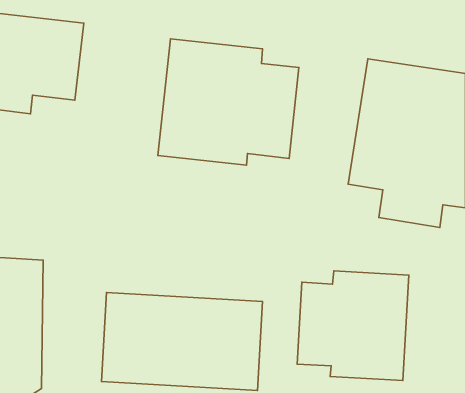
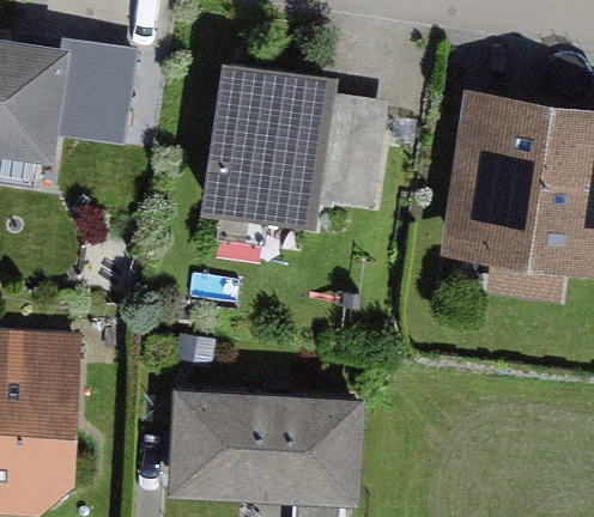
building: [297,271,409,381] -> none

